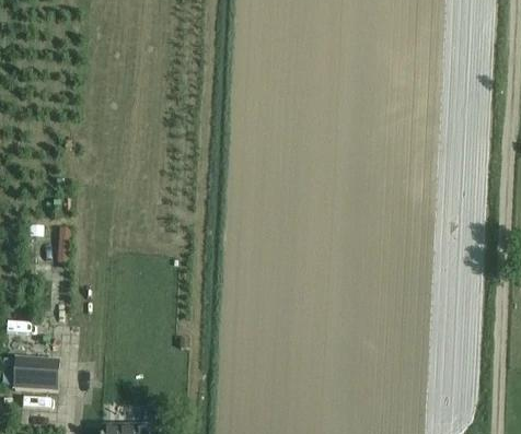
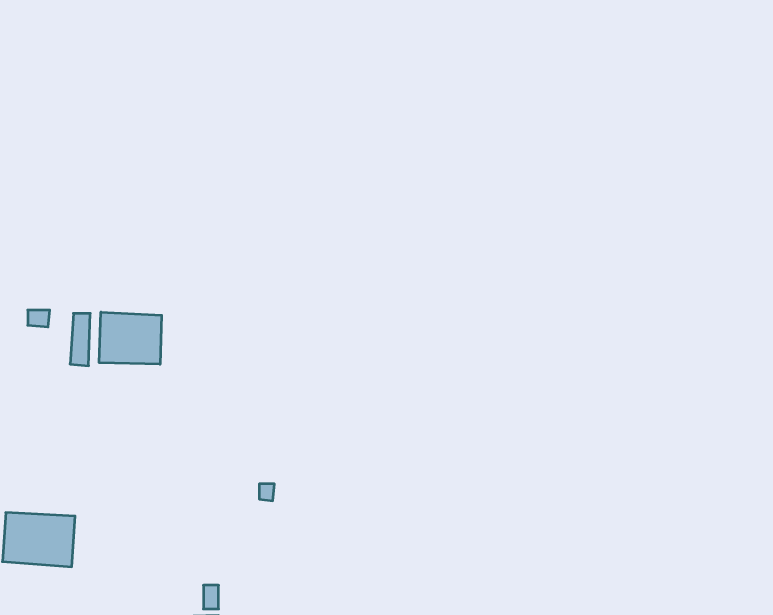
building: none -> [99,312,162,364]

